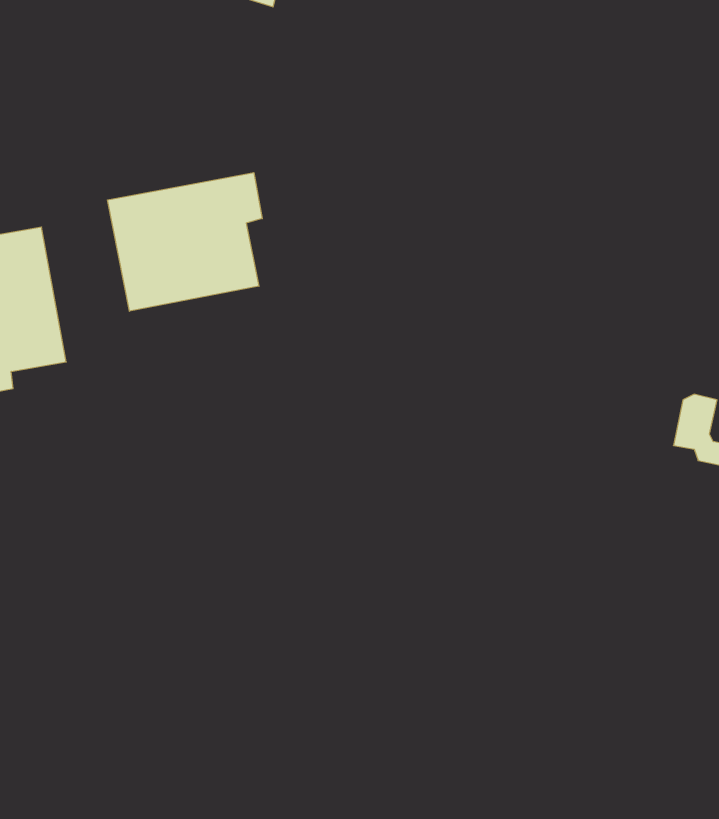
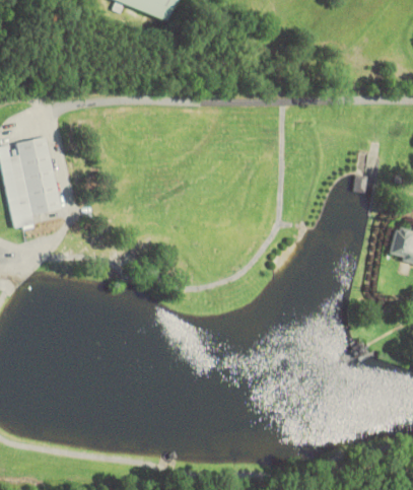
building: [108,173,262,311] -> none

